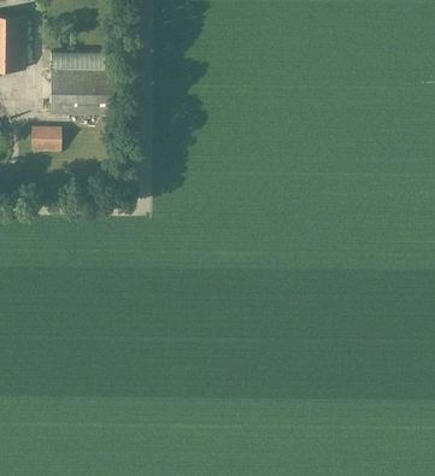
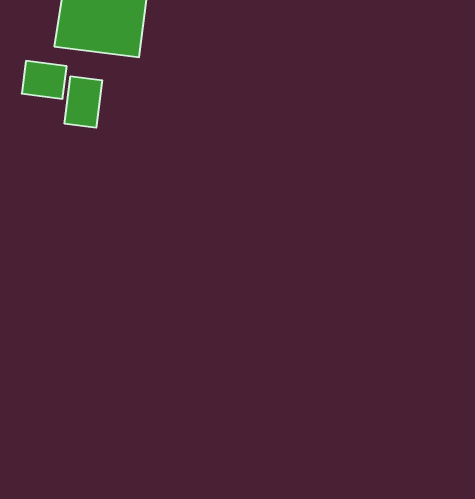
building: none -> [65,76,102,128]

